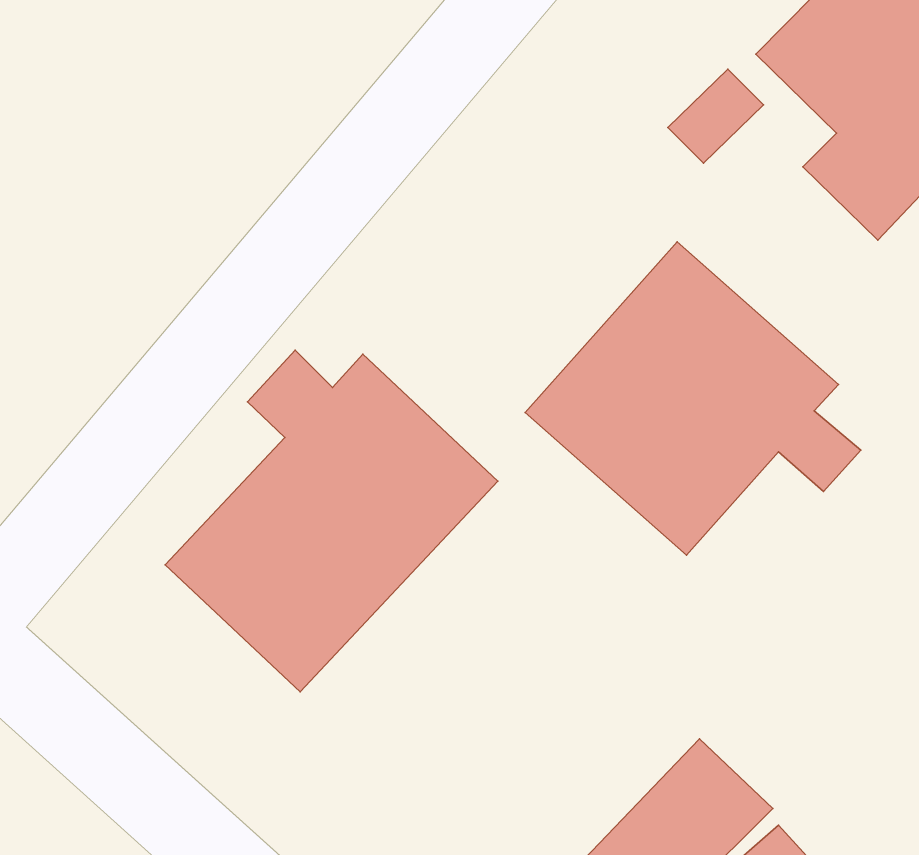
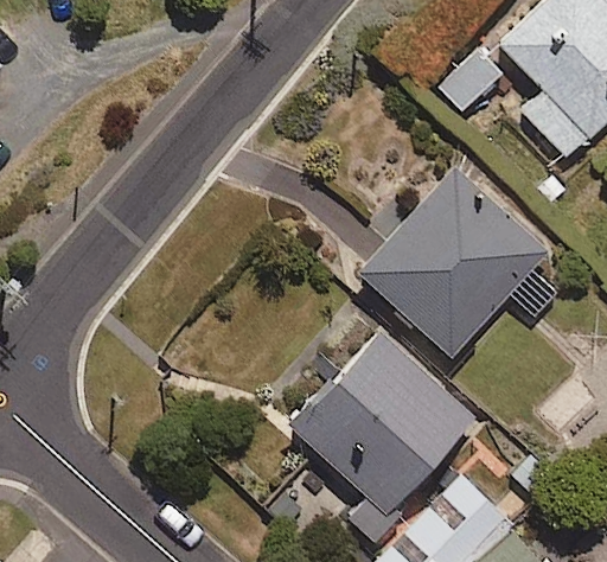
building: [165,350,498,692] -> none
building: none -> [285,325,478,517]

